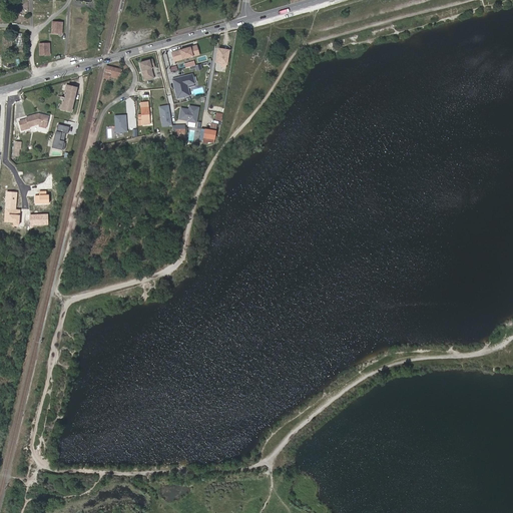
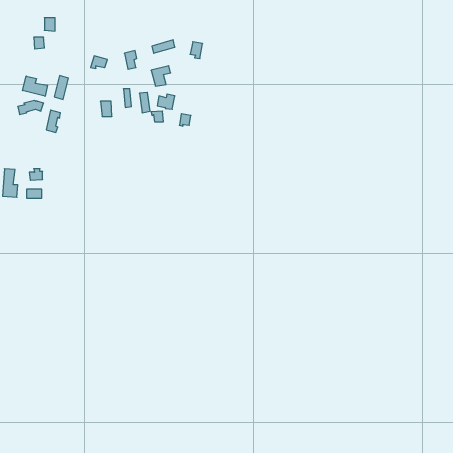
building: none -> [23,76,48,96]

